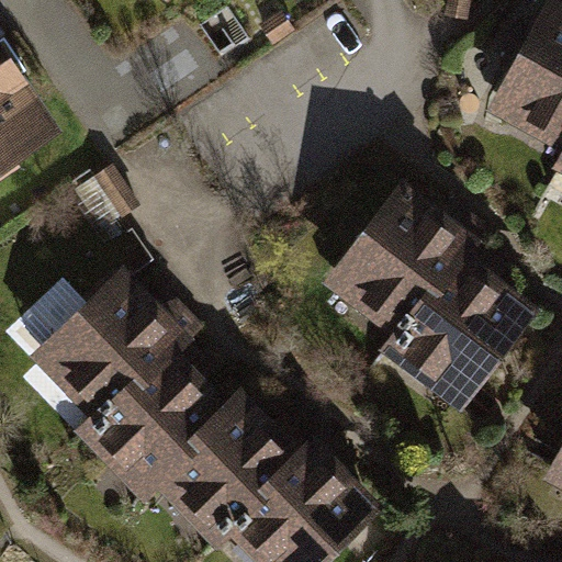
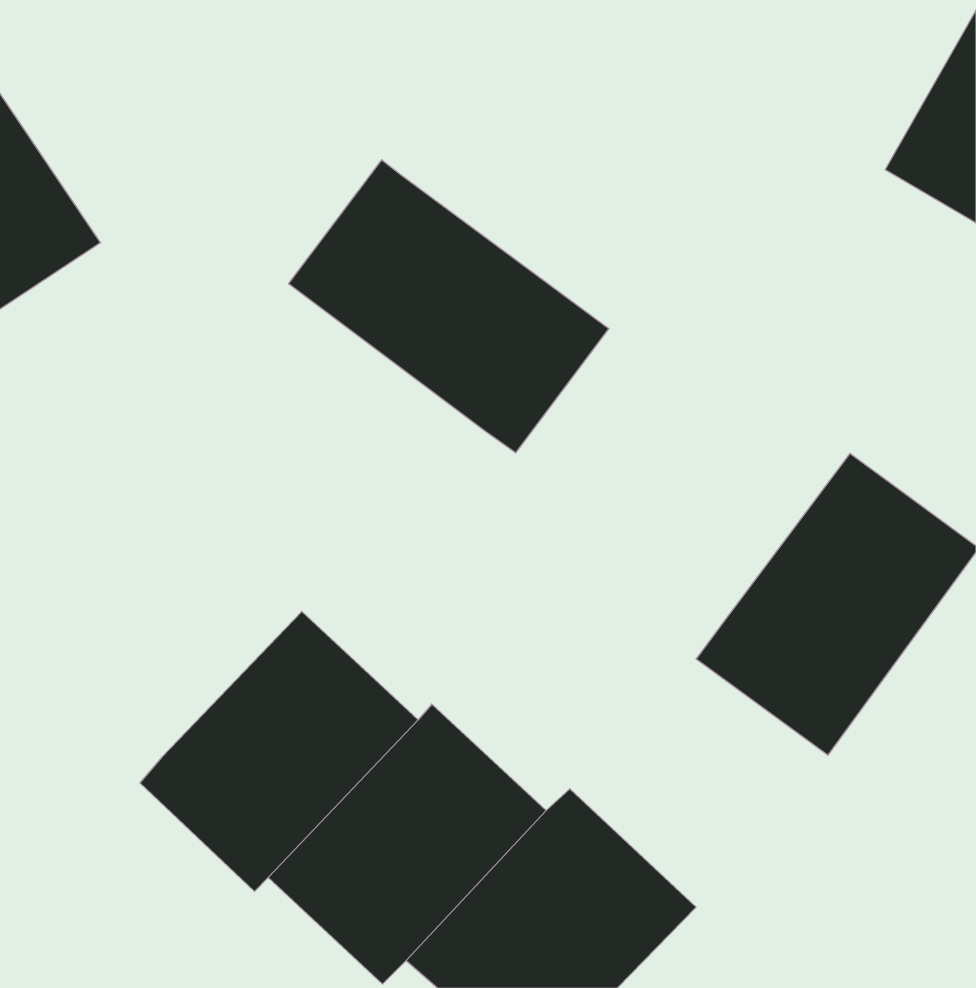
building: none -> [289,160,609,453]
building: [323,180,483,345] -> none
building: [29,263,186,422] -> none

